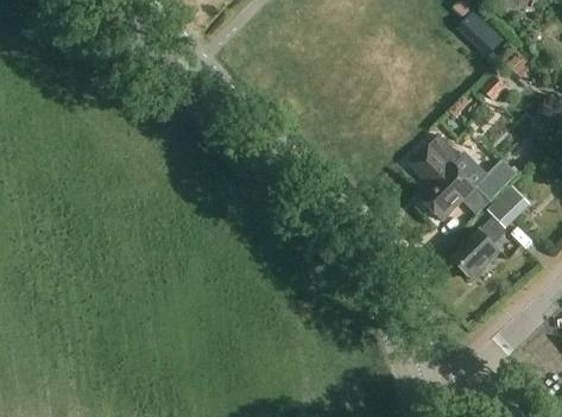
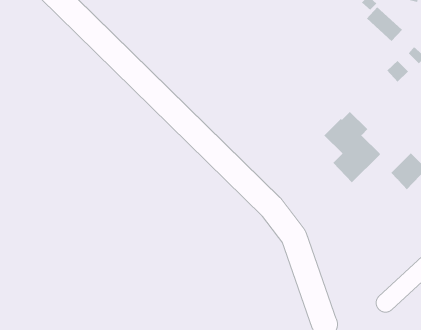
building: [474,158,516,200] -> none
building: [449,215,506,278] -> none

